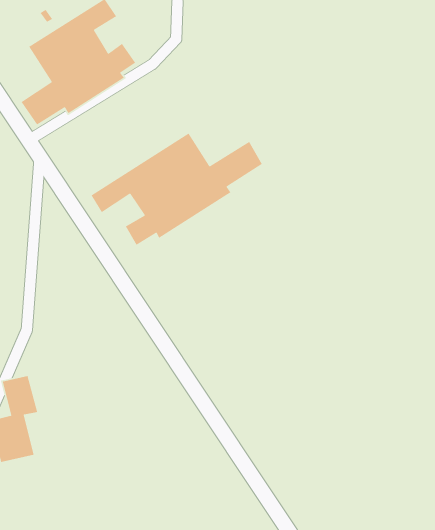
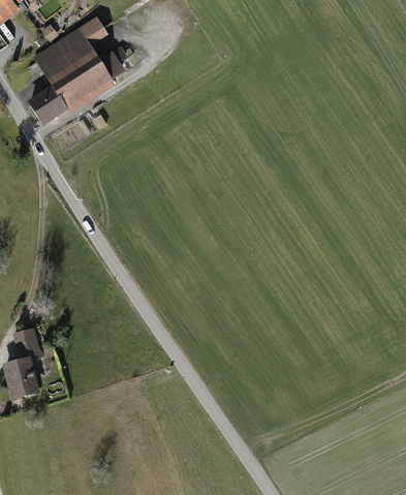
building: [91,132,263,246] -> none

